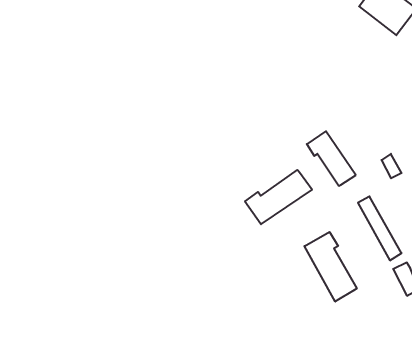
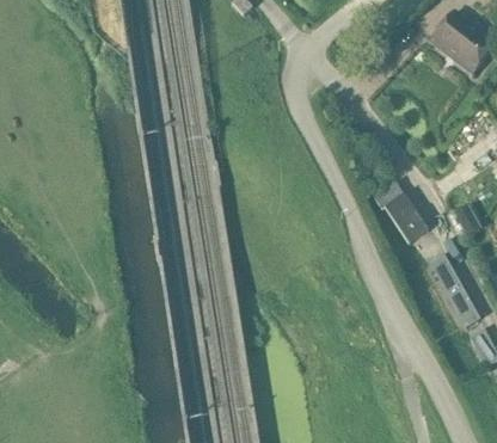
building: [245,170,312,224] -> none
building: [304,232,357,302] -> none

